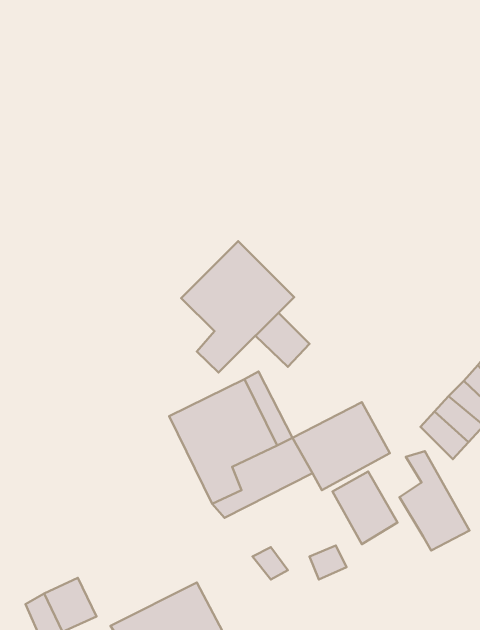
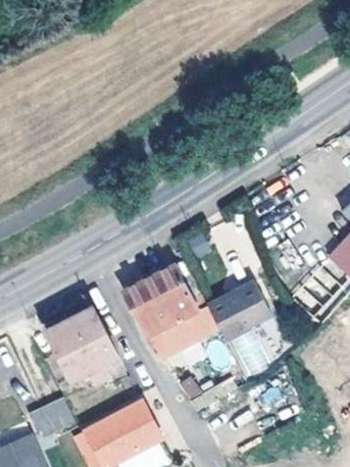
building: [181,241,294,373] -> none
building: none -> [46,306,117,386]
building: [400,451,470,550] -> none

